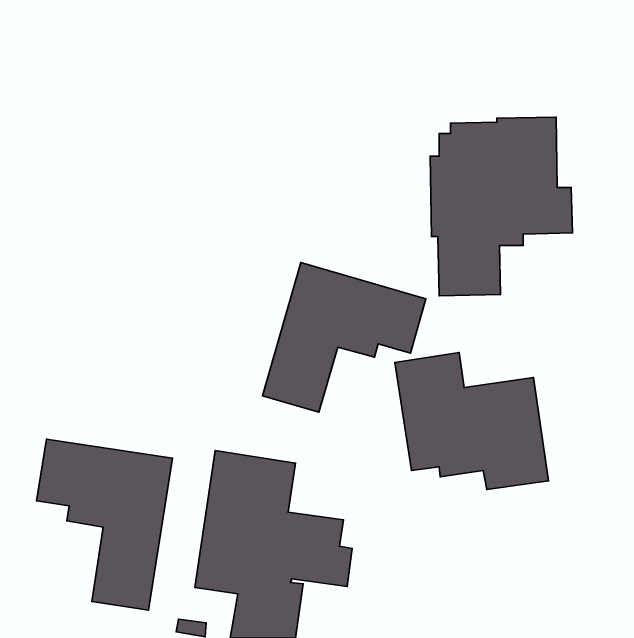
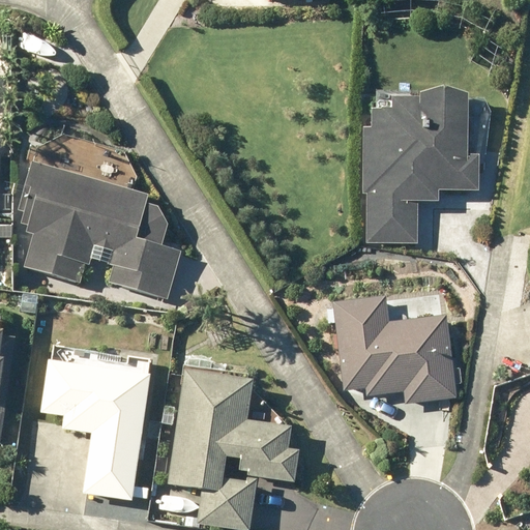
building: none -> [21,159,182,298]
building: [263,262,426,412] -> none

